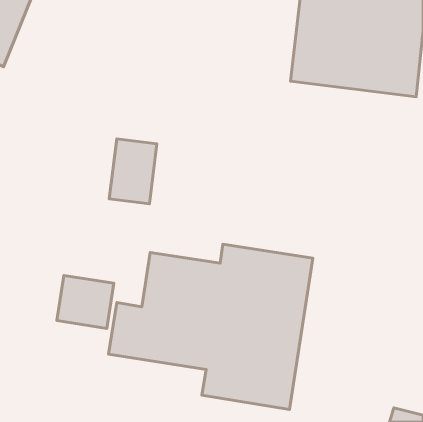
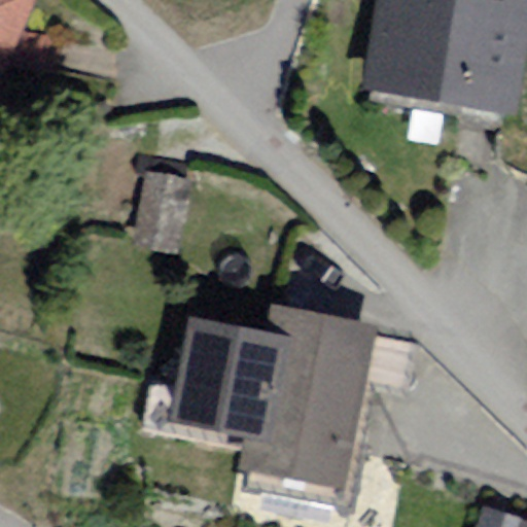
building: [57,275,114,329] -> none

